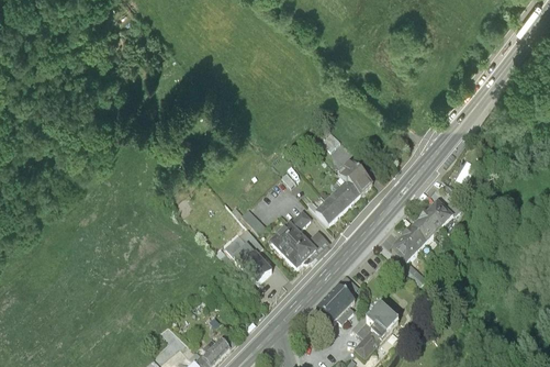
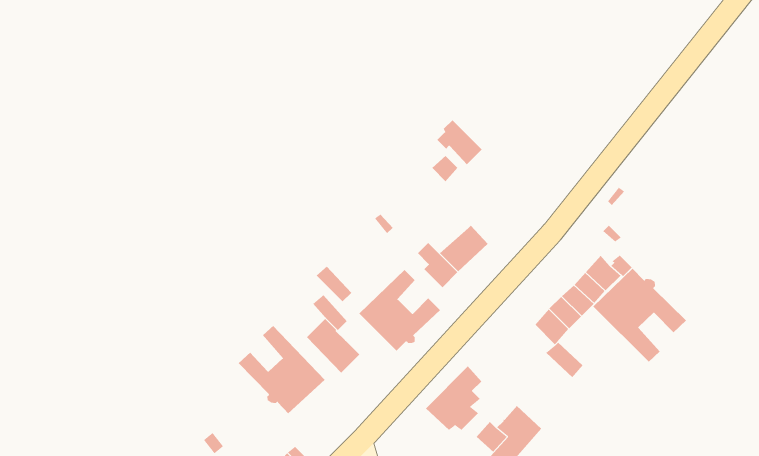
building: [339,160,371,192] -> [437,119,483,165]
building: none -> [592,268,687,363]
building: none -> [238,325,325,414]

